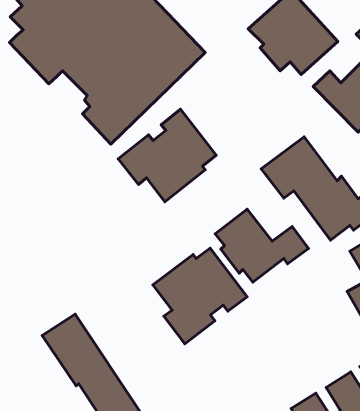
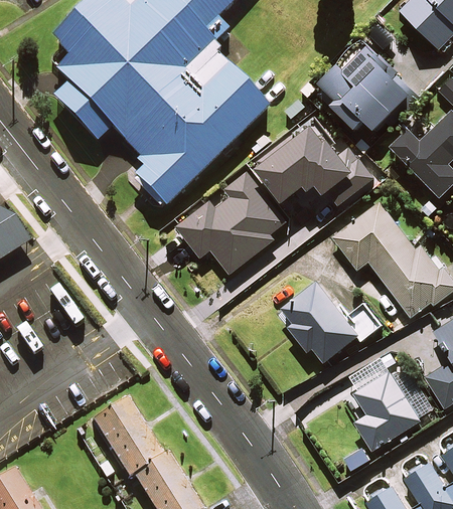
building: none -> [255,127,368,206]
building: [153,248,247,344] -> none
building: none -> [353,370,434,450]

